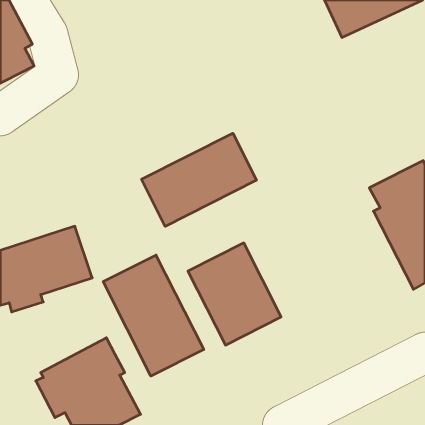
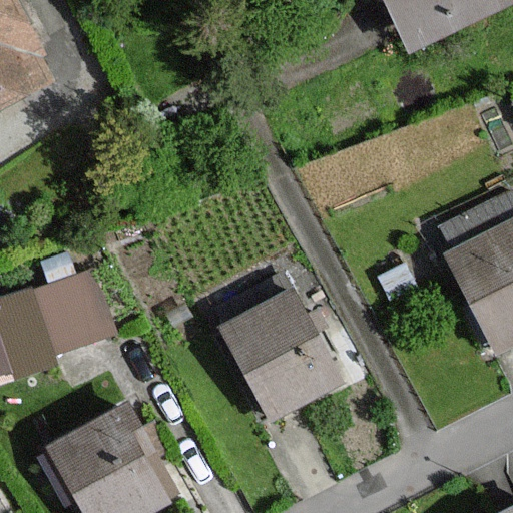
building: [142,133,256,226] -> none
building: [103,255,204,376] -> none

